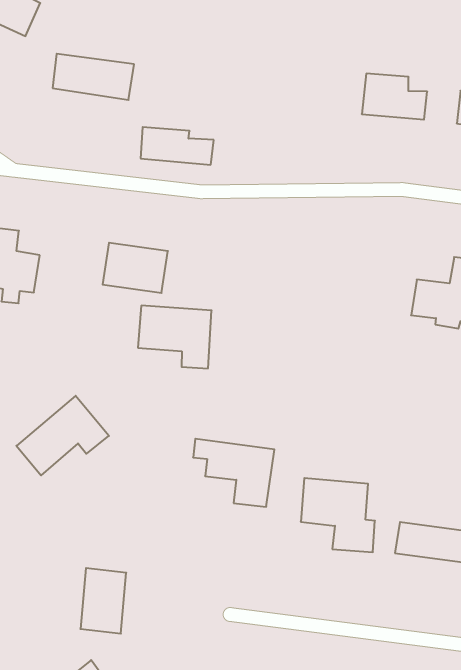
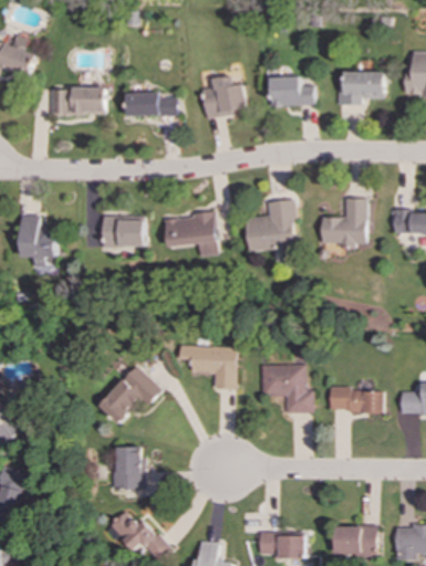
building: none -> [202,75,247,115]
building: [141,127,214,165] -> [126,92,177,115]
building: none -> [245,199,295,261]
building: [138,306,212,368] -> [165,213,217,255]
building: [16,396,109,475] -> [96,365,160,423]

